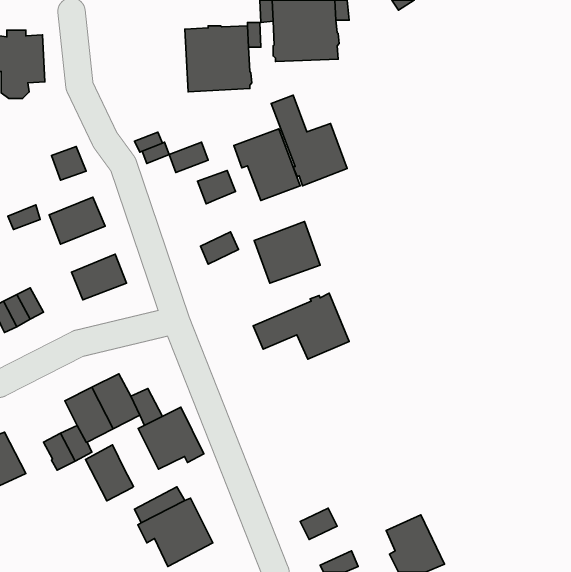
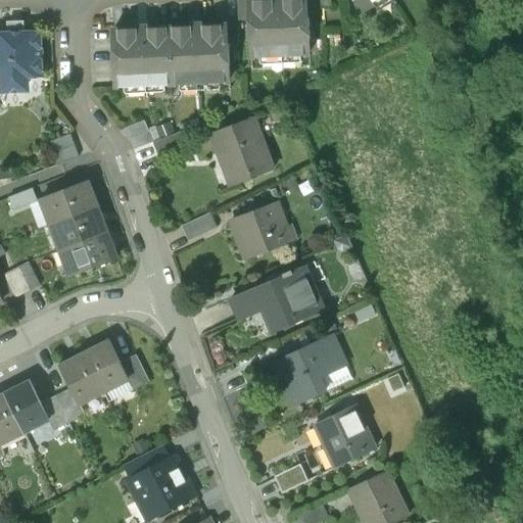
building: none -> [112,26,172,86]
building: [271,95,347,186] -> none
building: [198,171,235,204] -> none
building: none -> [55,206,105,248]
building: none -> [272,334,345,407]
building: [138,407,204,469] -> none
building: none -> [315,405,373,464]
building: [85,445,134,501] -> [4,381,48,432]

